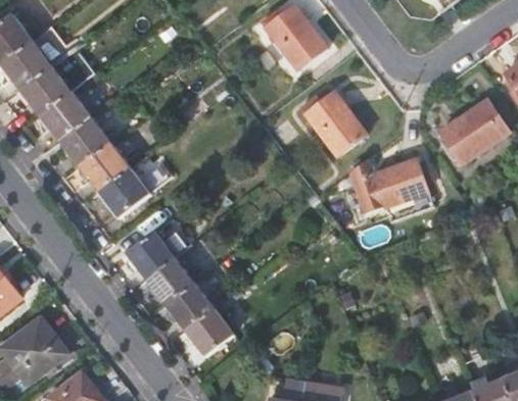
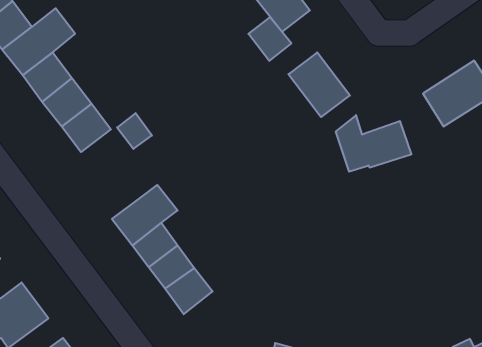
building: none -> [248,17,291,61]
building: [98,167,149,217] -> none

